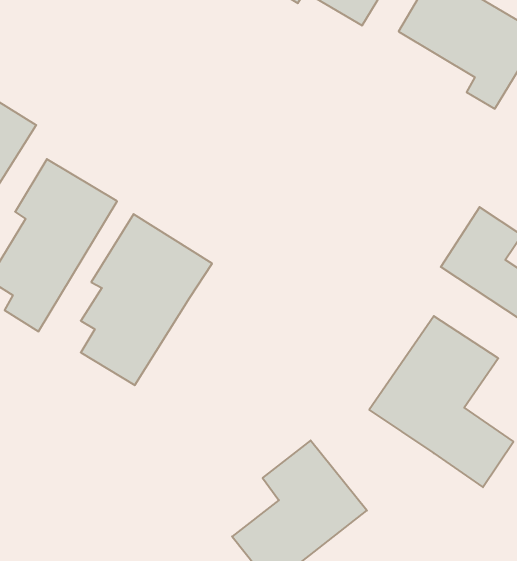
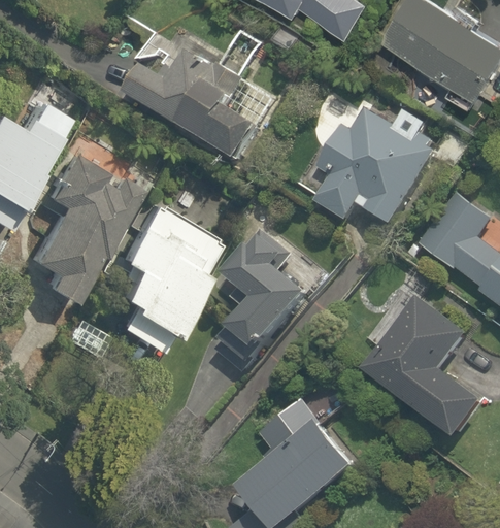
building: none -> [126,44,262,163]
building: none -> [311,99,437,222]
building: none -> [215,227,307,367]

